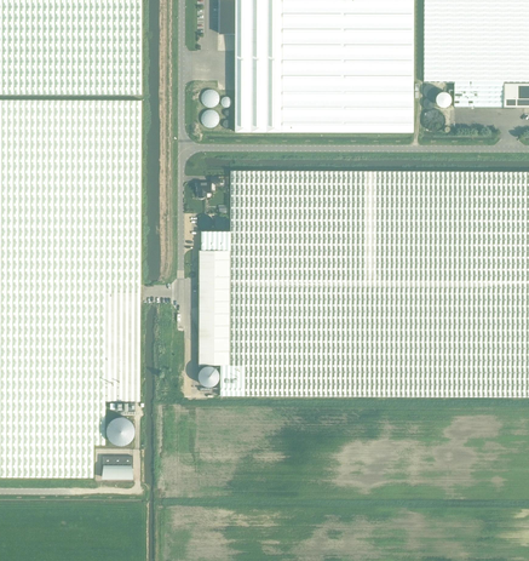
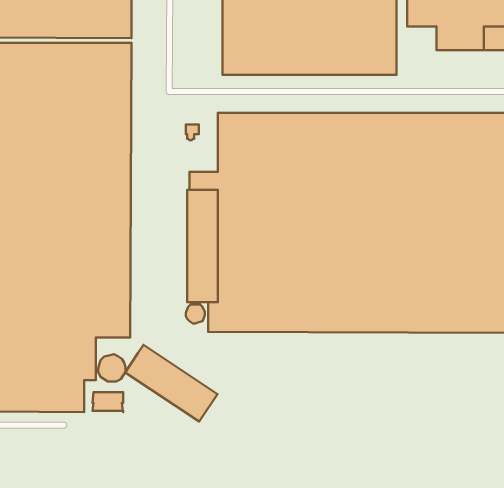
building: none -> [125,345,217,422]

